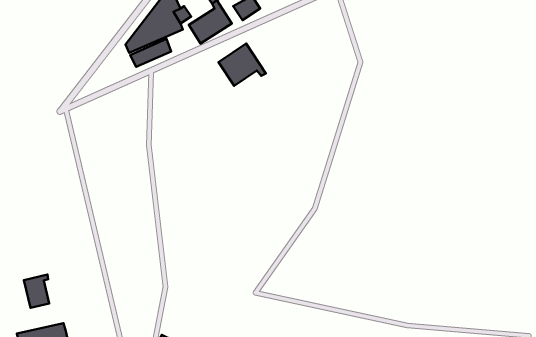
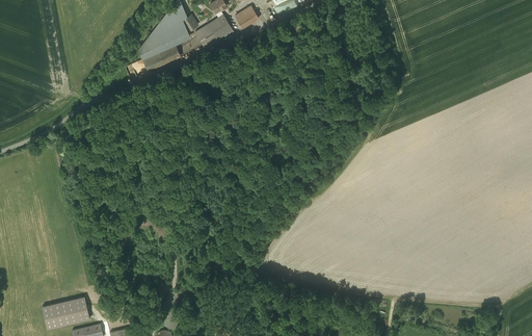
building: [218,43,266,86] -> none
building: [24,275,49,308] -> none

